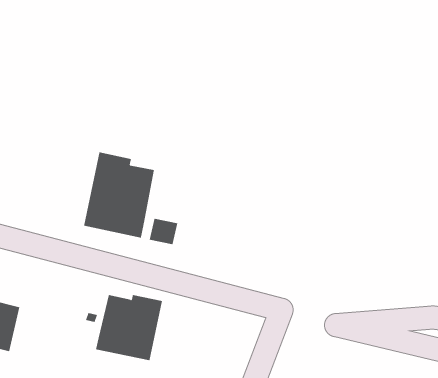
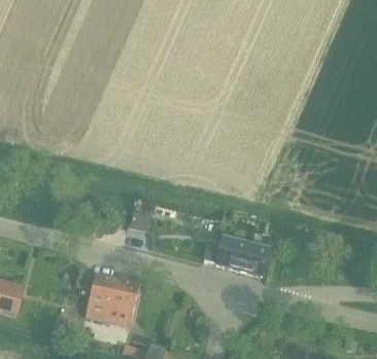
building: [83,151,155,238] -> none
building: none -> [205,235,267,276]

